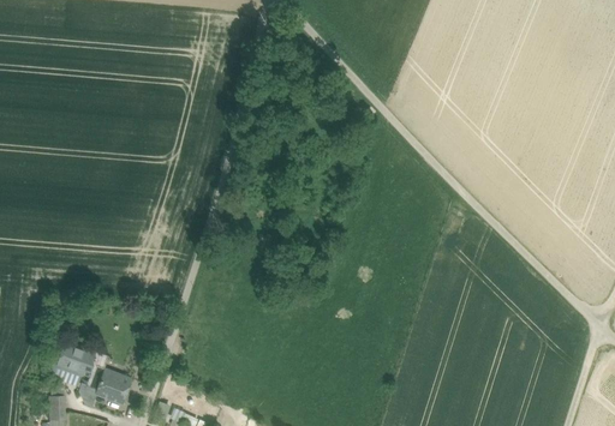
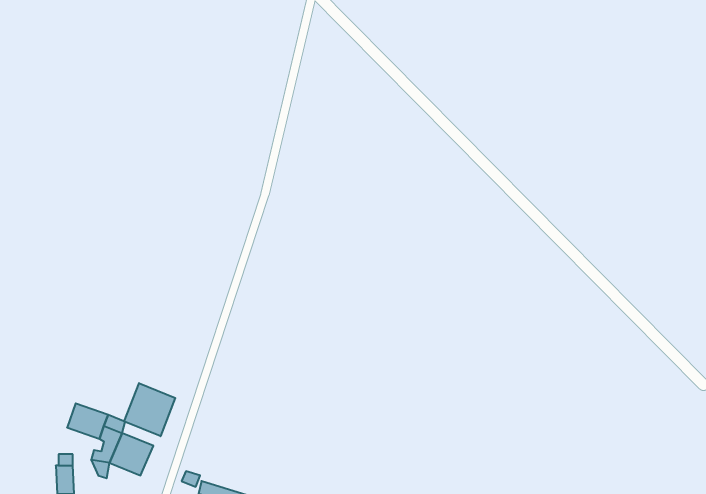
building: none -> [124,383,175,436]

